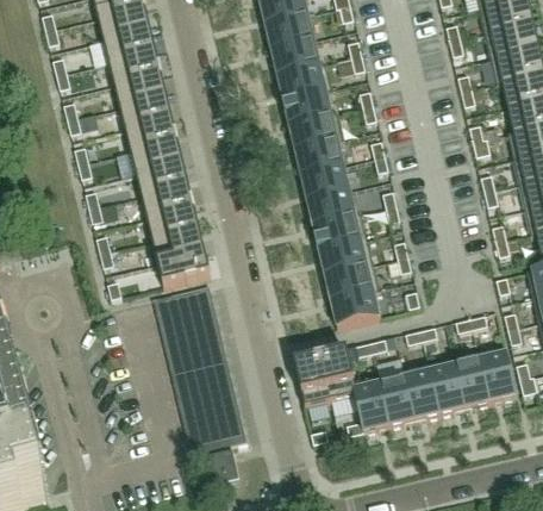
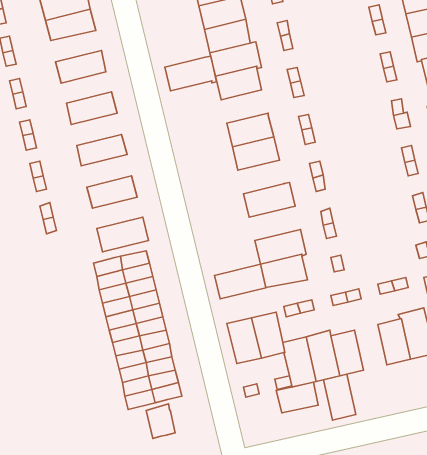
building: [108,51,162,85] -> none
building: [119,95,173,129] -> none
building: [289,113,344,150] -> [165,56,216,91]
building: [130,139,183,174] -> none
building: [141,183,194,218] -> none
building: [307,189,357,225] -> none
building: [152,229,206,262] -> none
building: [319,238,374,275] -> [214,264,266,299]
building: [431,364,466,413] -> [323,374,356,420]
building: none -> [276,382,318,413]

